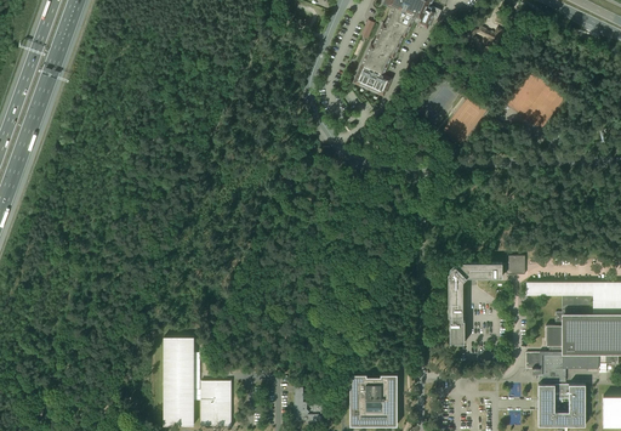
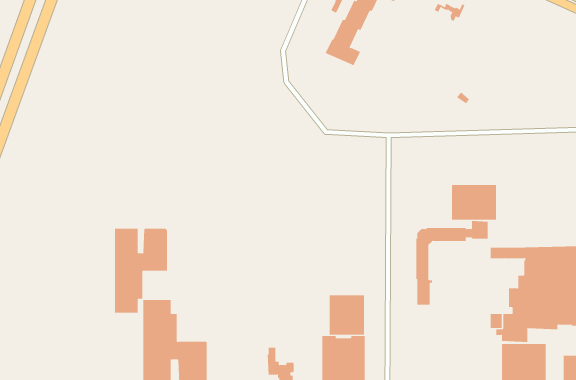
building: none -> [452,184,497,220]
building: none -> [115,228,167,314]
building: none -> [329,295,364,335]

